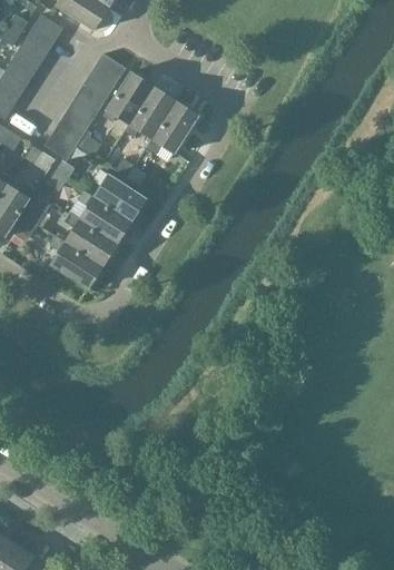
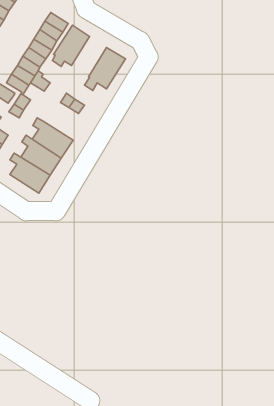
building: [126,86,175,138] -> none
building: [92,170,146,220] -> none

